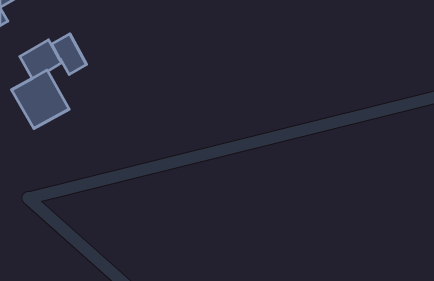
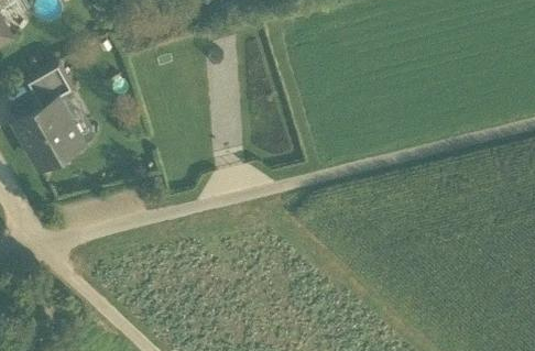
building: [52,34,86,75] -> none

